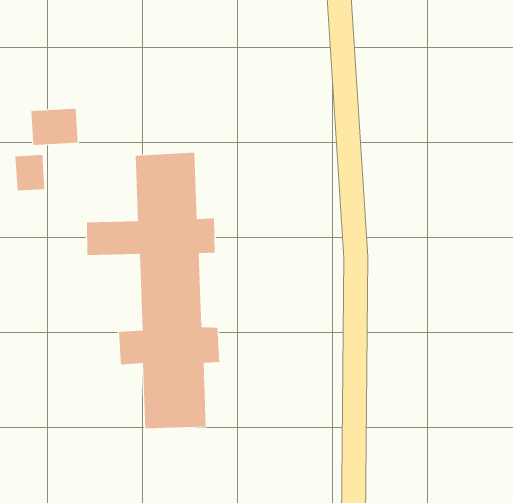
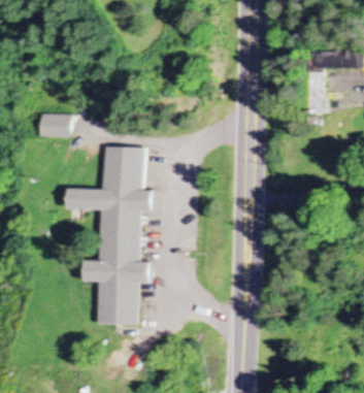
building: [15,154,45,191] -> none

